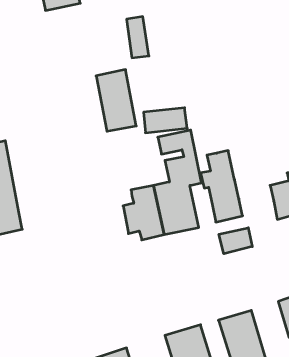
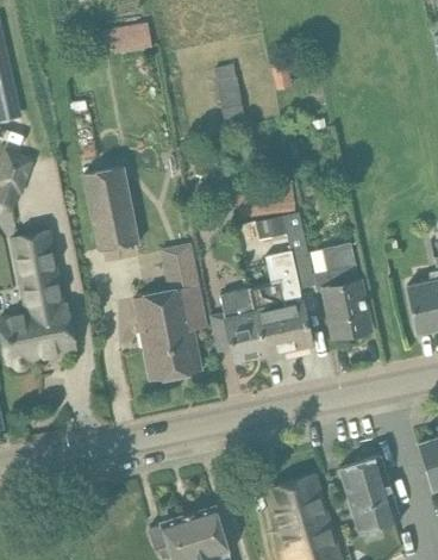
building: [96,70,136,131] -> [86,167,139,249]
building: none -> [134,244,207,381]
building: [219,228,252,254] -> none

